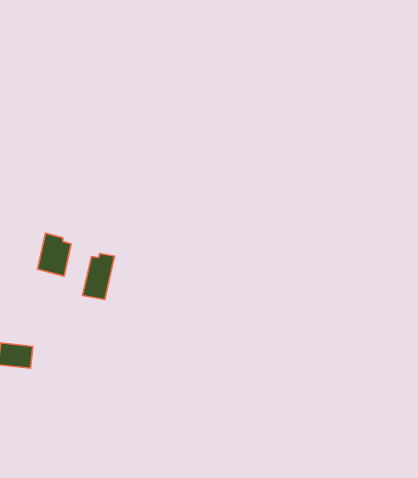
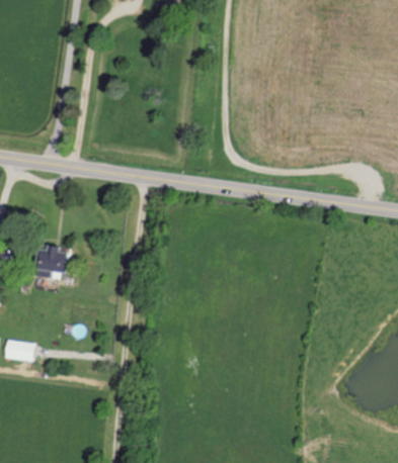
building: [82,254,114,299] -> none

